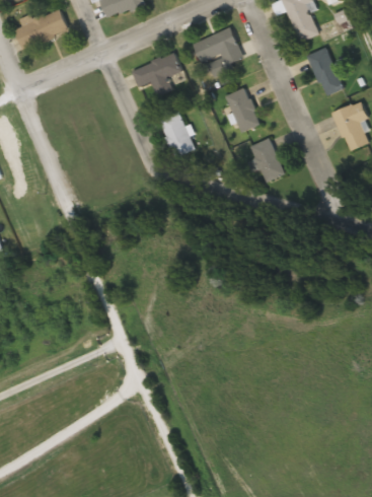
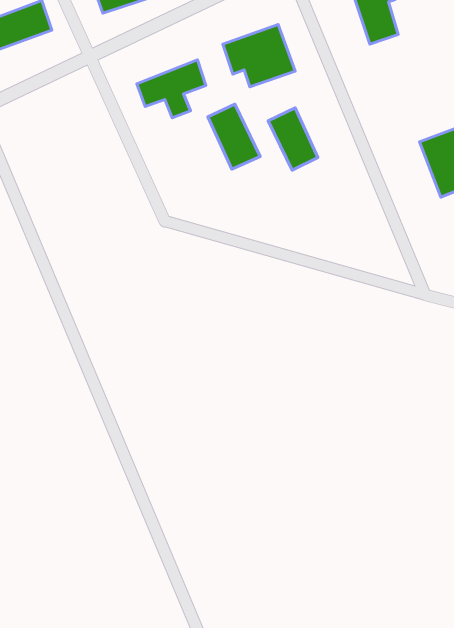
building: [306,47,345,97] -> none
building: [157,111,195,157] -> [208,104,260,169]
building: [249,138,285,183] -> none

